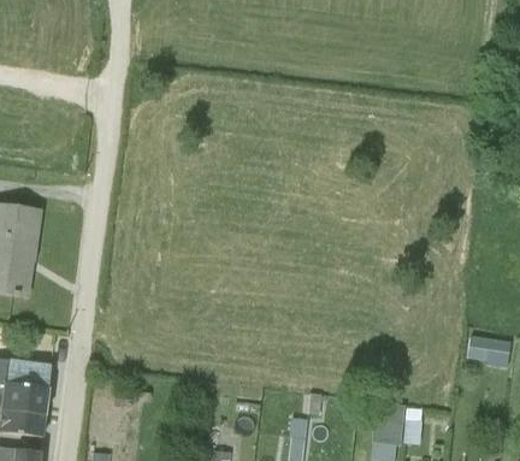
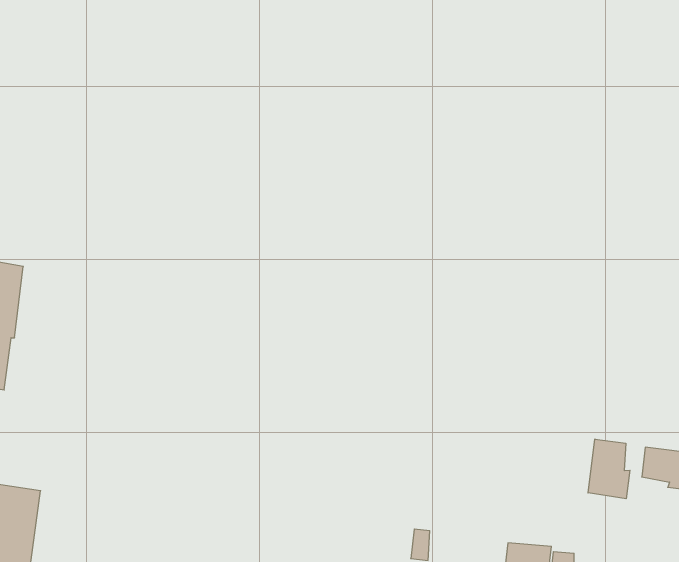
building: none -> [588,439,630,499]

